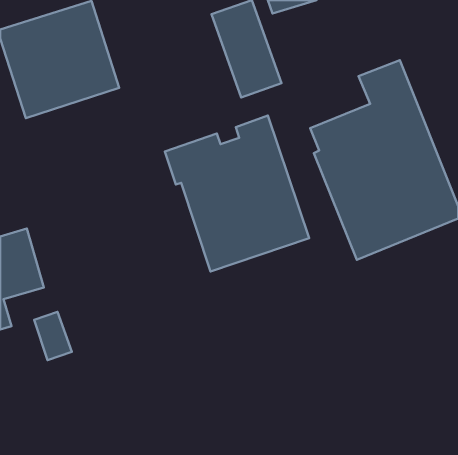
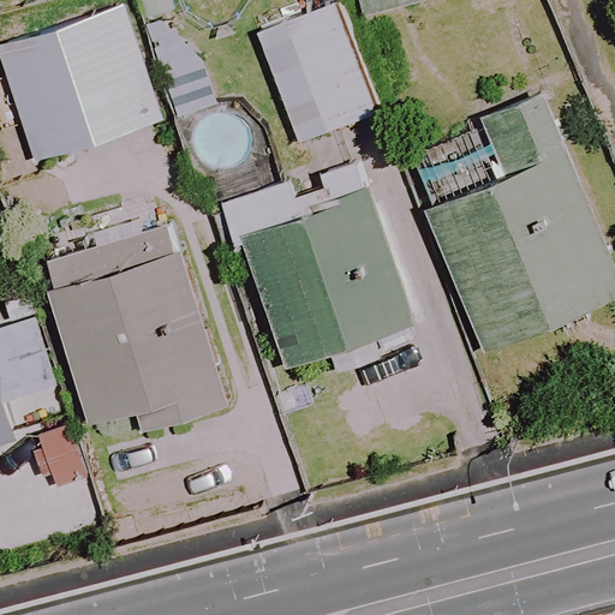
building: none -> [50,251,228,430]

